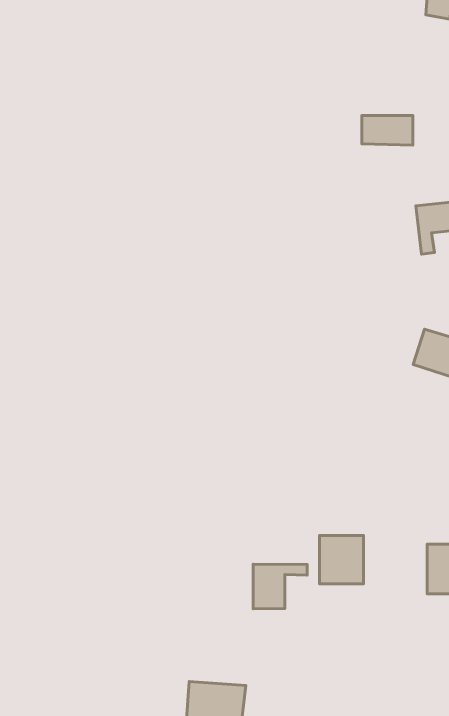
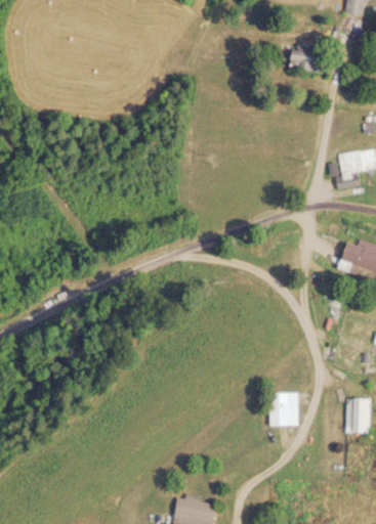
building: [362,115,413,145] -> [287,50,324,72]
building: [253,564,307,609] -> none

